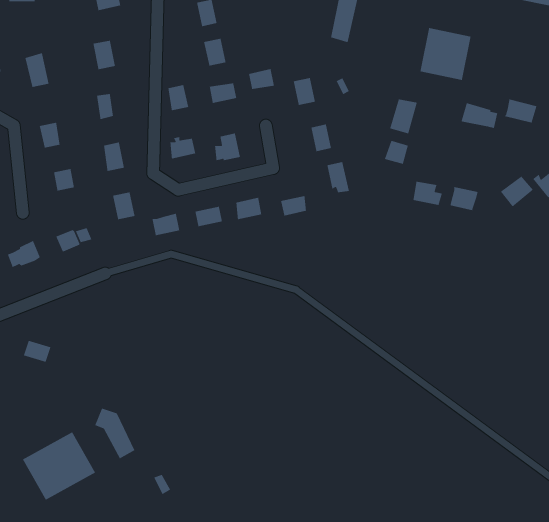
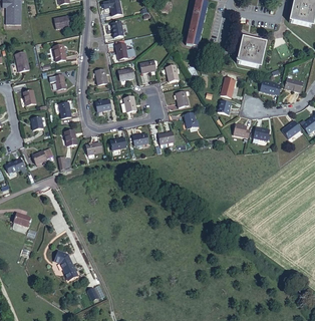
building: [22,431,96,501] -> none

